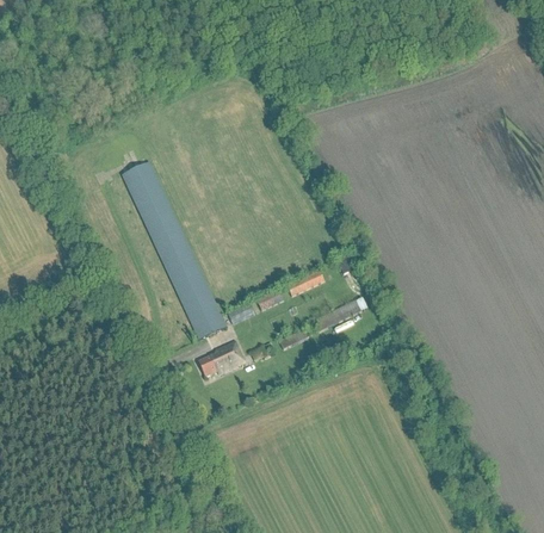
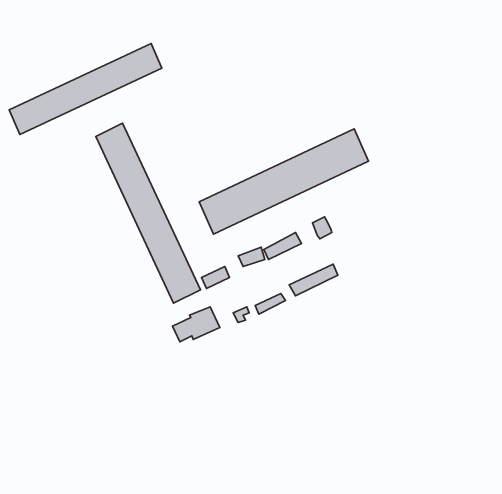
building: none -> [9,44,162,134]
building: none -> [199,129,369,234]

